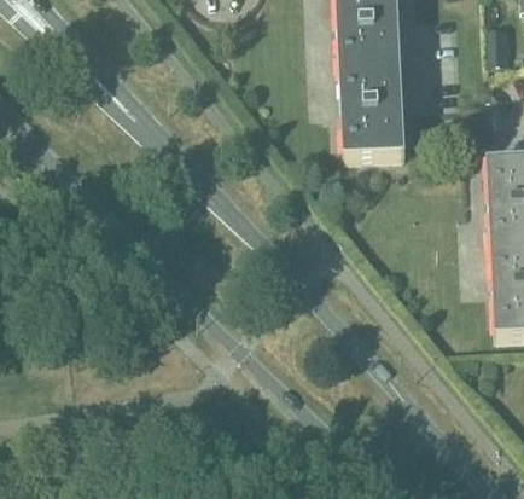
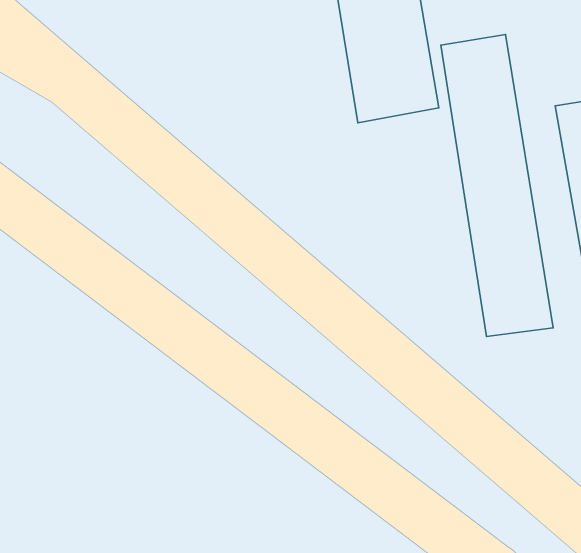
building: none -> [441,35,553,337]

